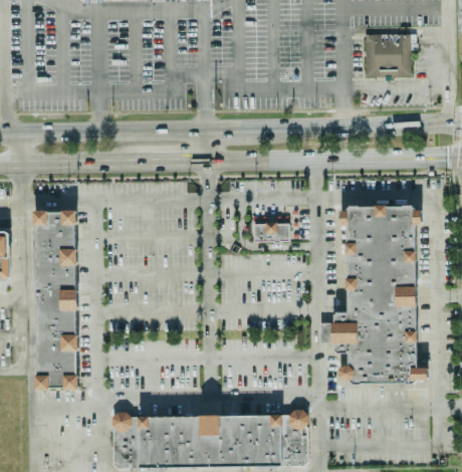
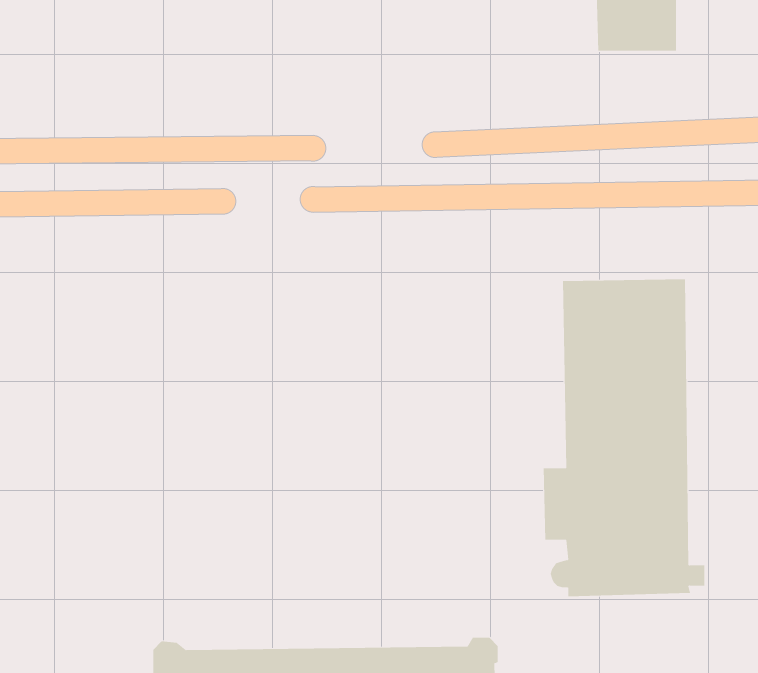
building: [35,210,77,385] -> none
building: [254,221,290,240] -> none

